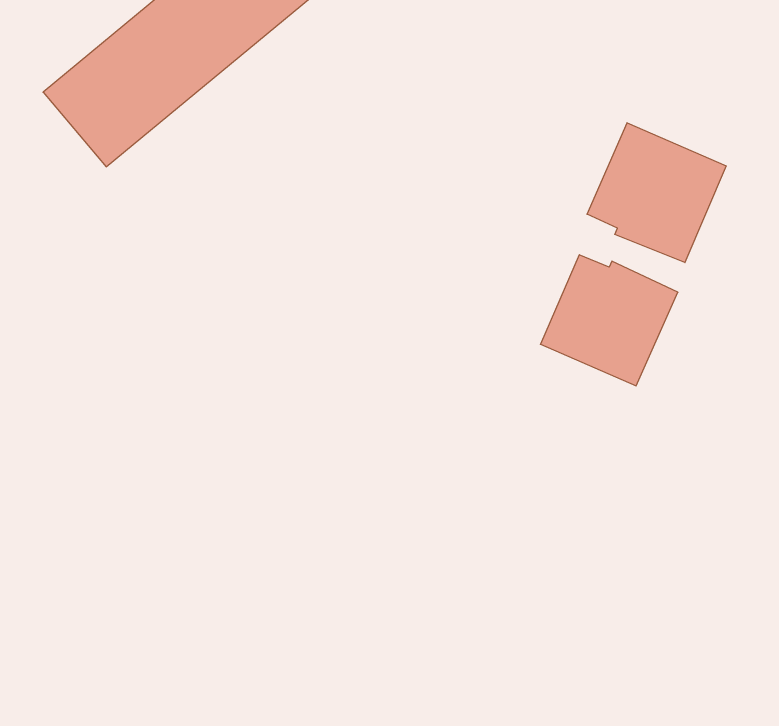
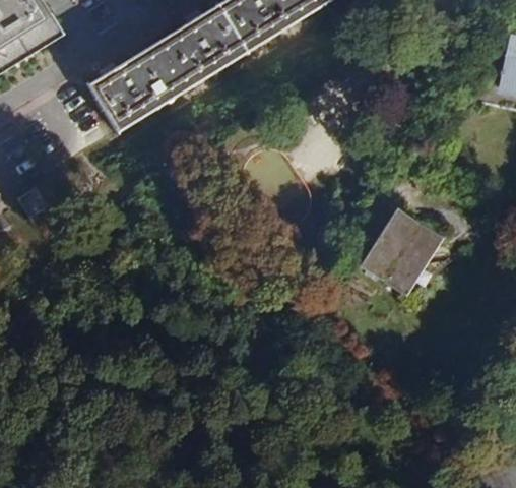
building: [587,123,726,263] -> none

